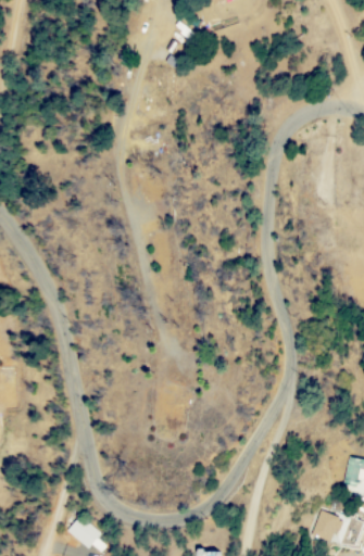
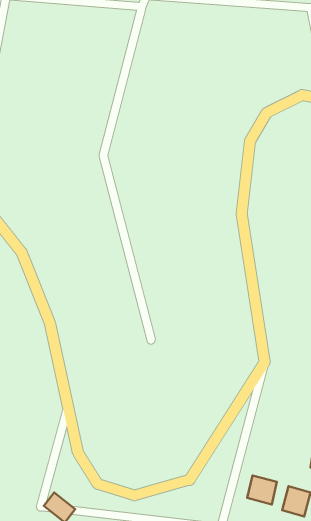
building: none -> [247,476,277,504]

